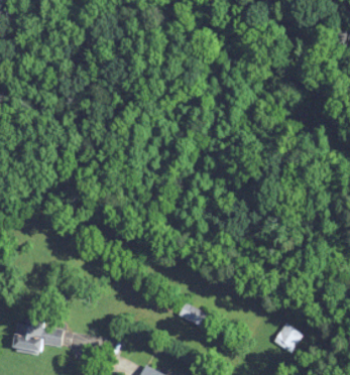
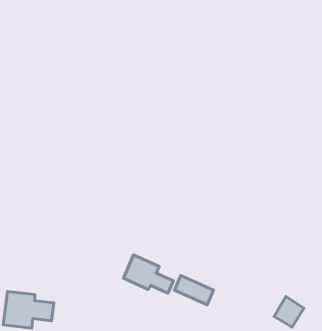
building: none -> [123,255,173,293]

